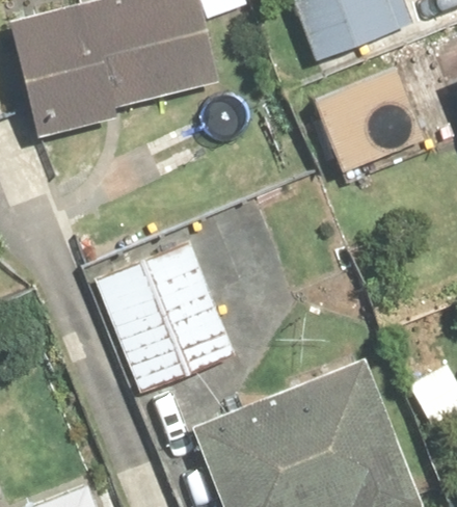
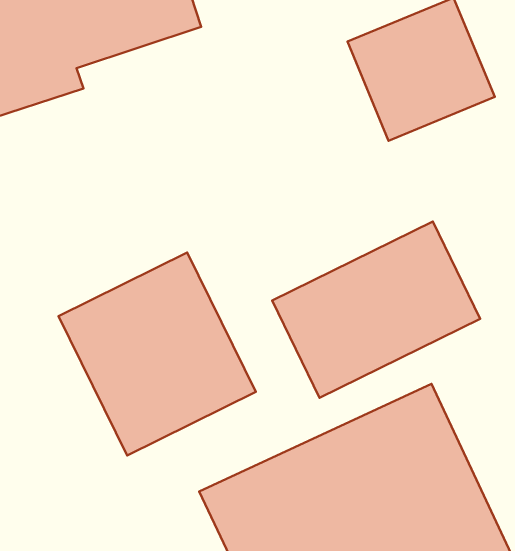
building: none -> [272,222,480,398]

